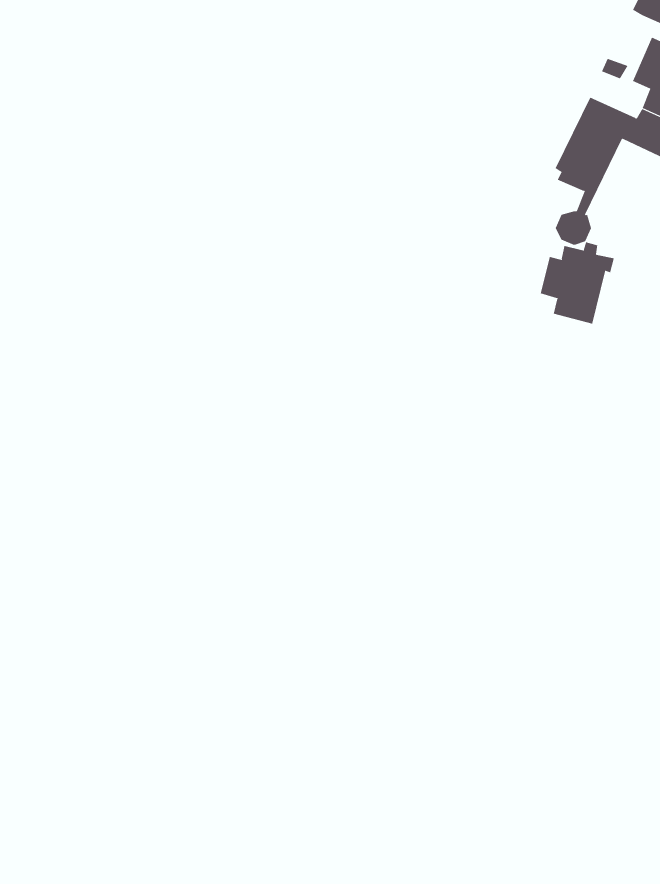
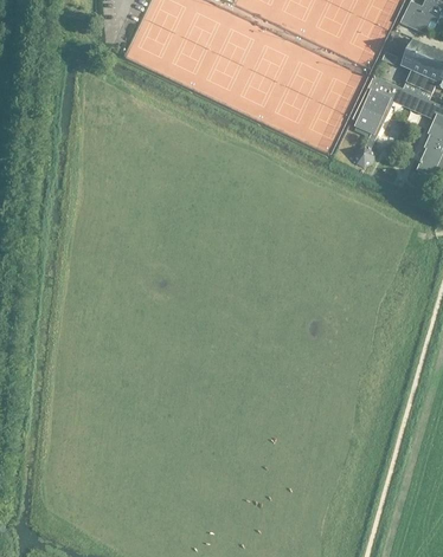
building: [540,242,614,324] -> none

